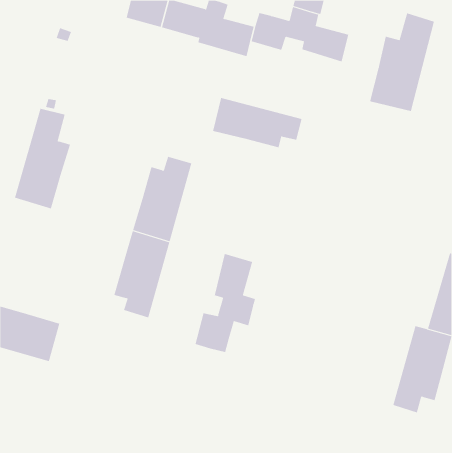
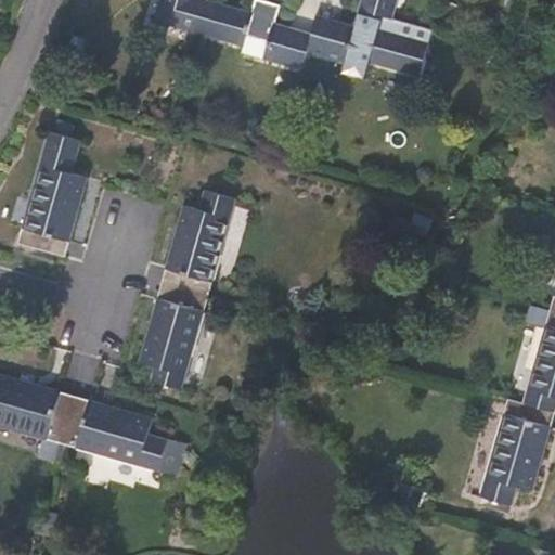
building: [370,13,435,112] -> none
building: [213,97,302,148] -> none
building: [195,253,255,353] -> none
building: none -> [56,396,186,476]

